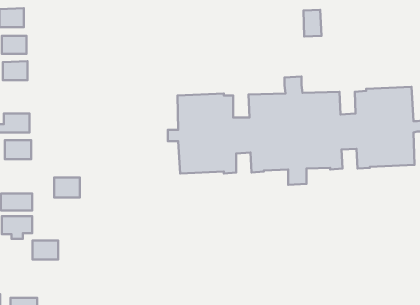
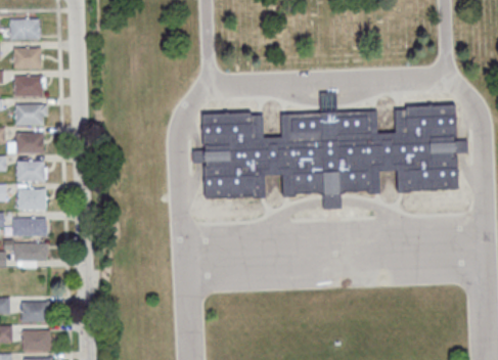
building: [304,10,322,37] -> none
building: none -> [15,104,43,125]
building: [54,177,80,197] -> [17,188,45,210]
building: [33,240,58,259] -> [20,302,48,322]

